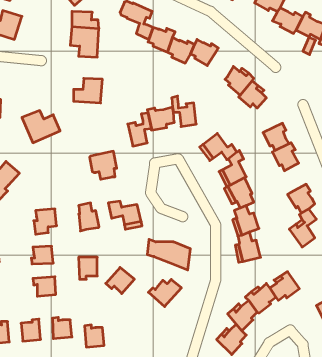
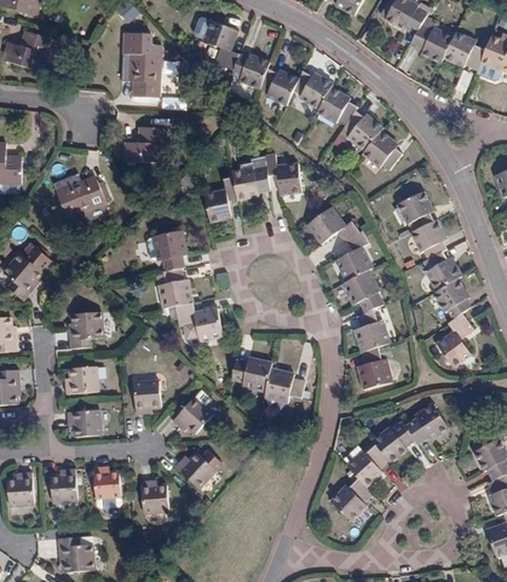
building: none -> [316,85,357,123]
building: none -> [422,249,462,289]
building: [79,203,99,231] -> [165,266,194,306]
building: [148,279,181,307] -> [177,449,224,488]

